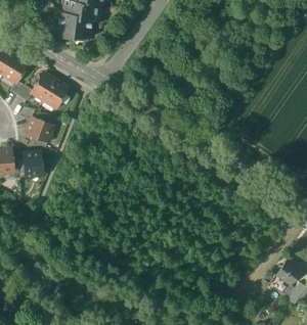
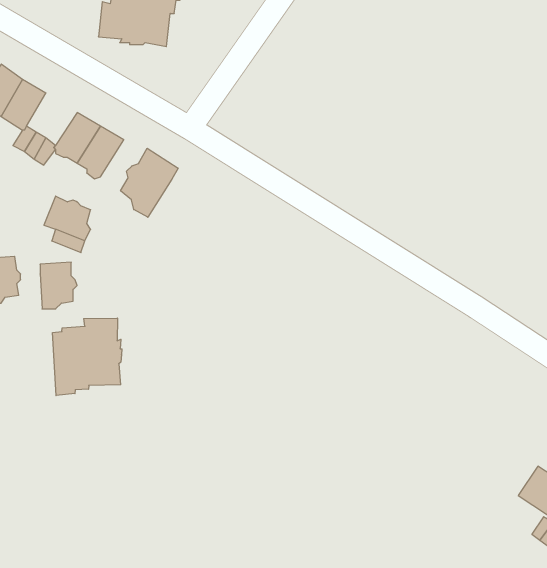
building: none -> [121,148,178,217]
building: none -> [53,318,122,396]

